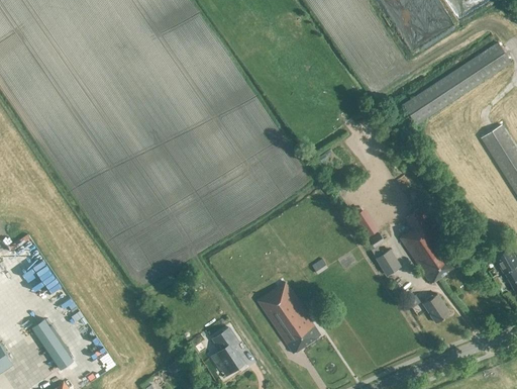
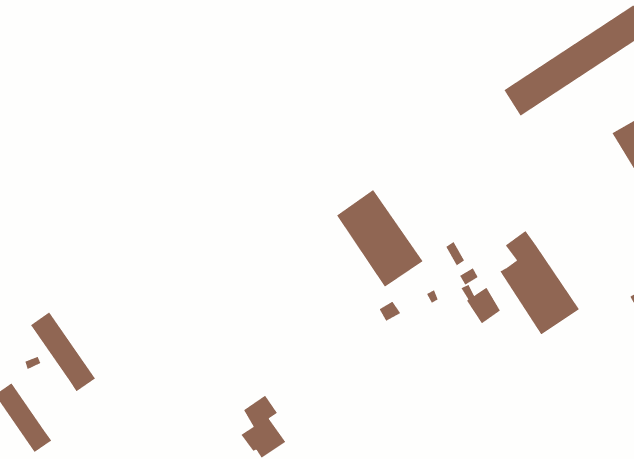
building: none -> [30,312,96,392]
building: [257,282,321,354] -> [336,189,423,287]
building: [423,294,450,322] -> none

